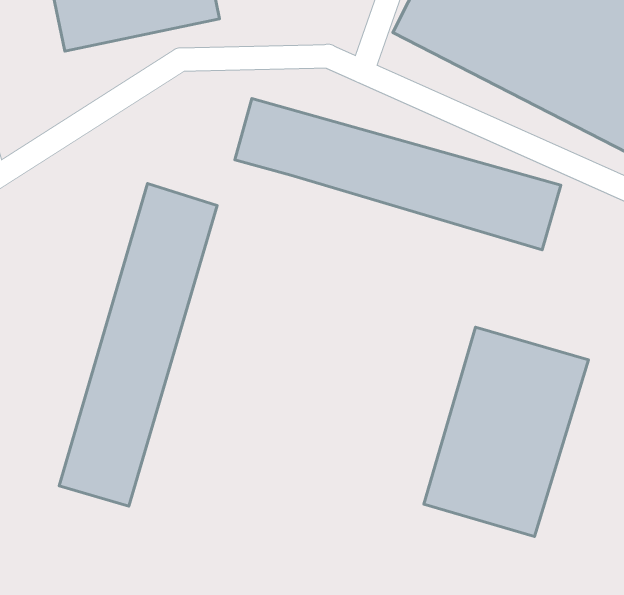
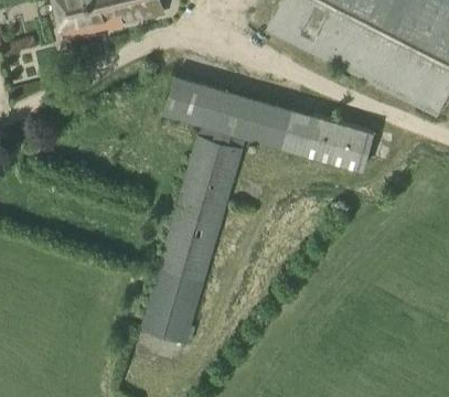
building: [59,184,217,506] -> [140,136,243,345]
building: [424,327,588,536] -> none

